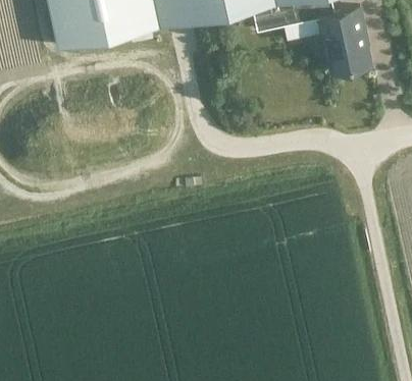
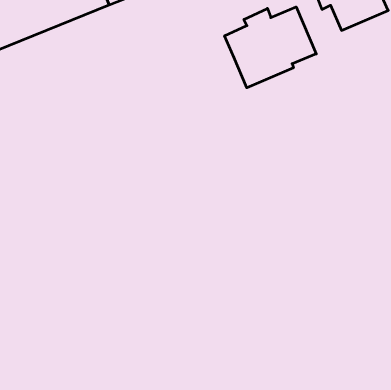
building: none -> [225,7,316,88]

